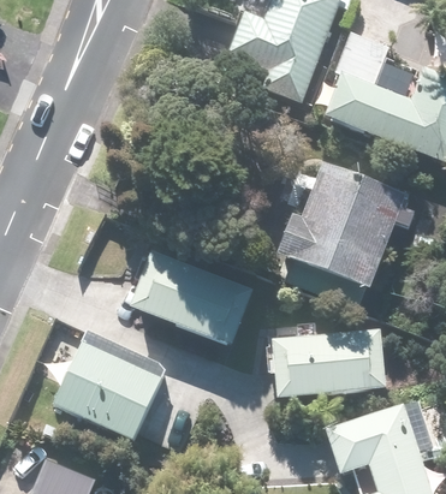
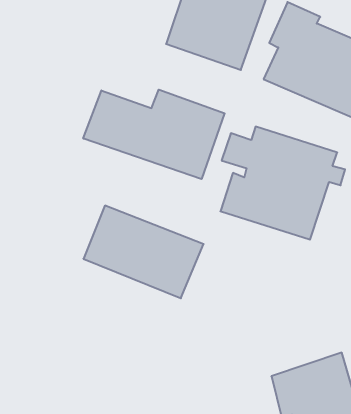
building: none -> [83,90,225,179]
building: [274,328,388,398] -> none
building: [53,341,161,441] -> none

